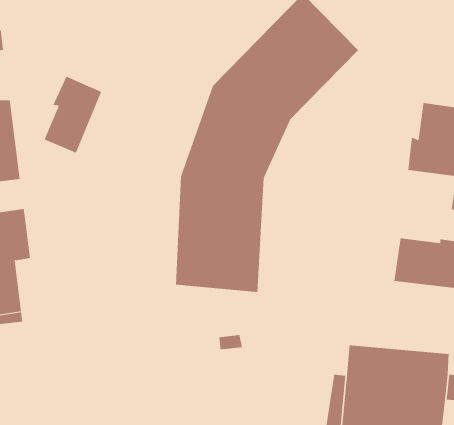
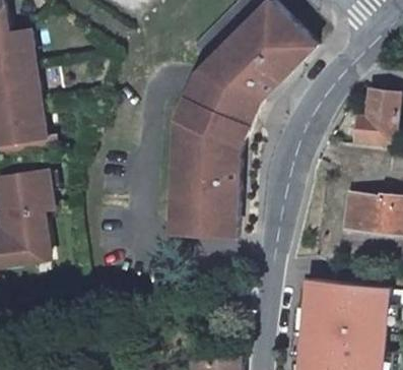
building: [44,76,102,154] -> none

